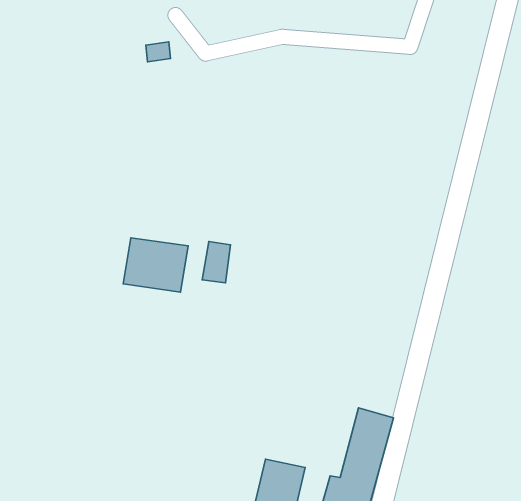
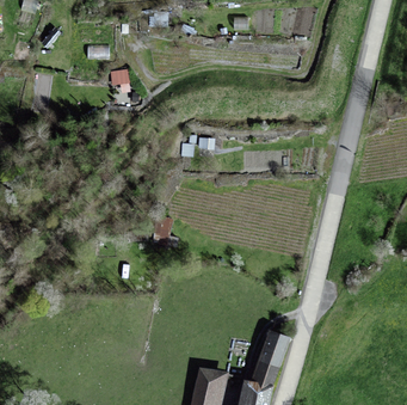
building: [123,238,188,292] -> none

